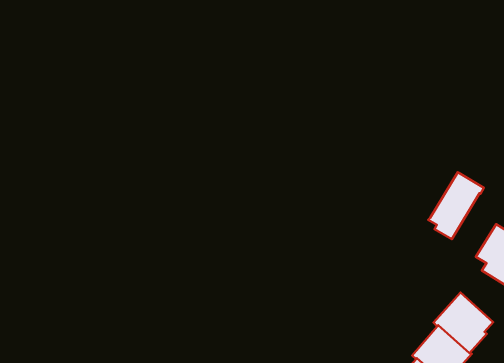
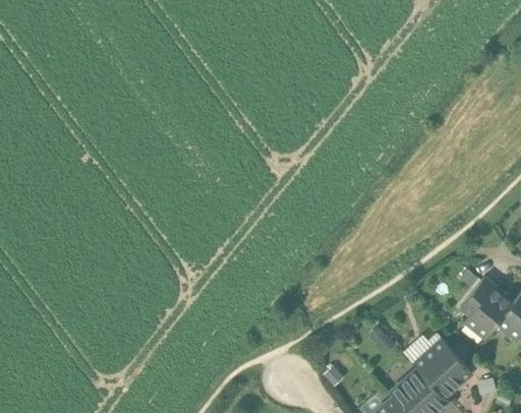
building: [428,172,484,239] -> none

